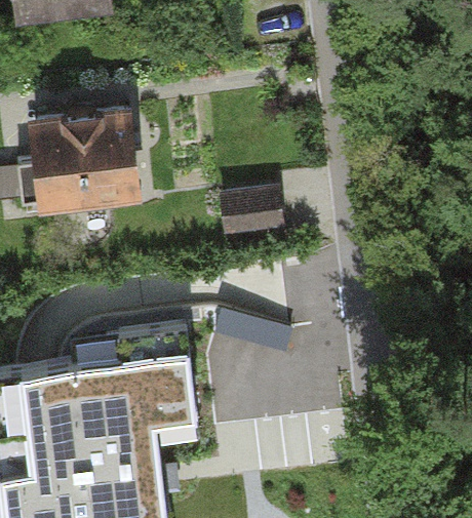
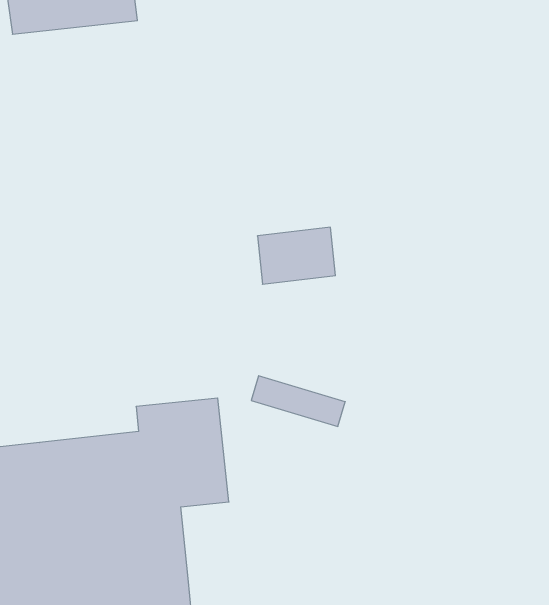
building: [26,104,147,212] -> none

